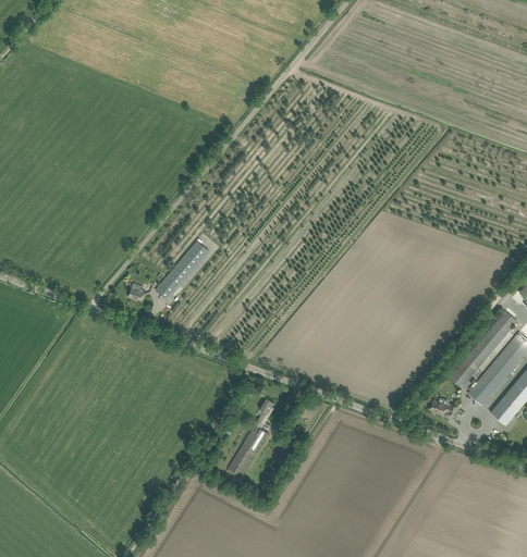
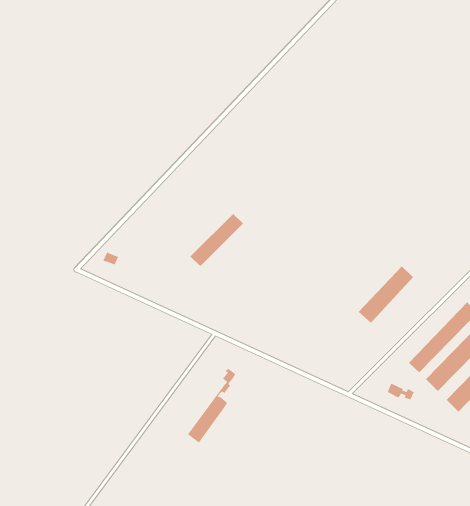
building: [156,240,209,298] -> [189,213,244,267]
building: none -> [358,266,414,323]

